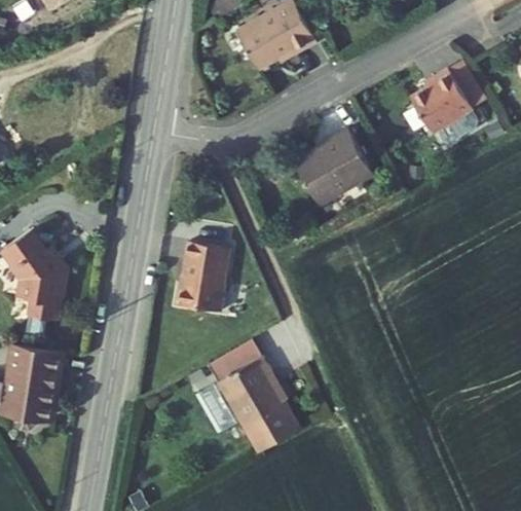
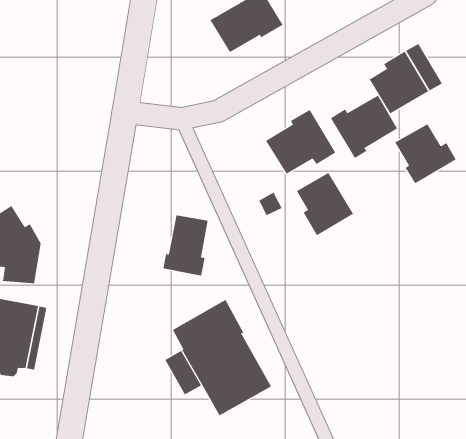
building: none -> [330,95,398,159]
building: none -> [395,123,457,184]
building: none -> [296,172,354,236]

